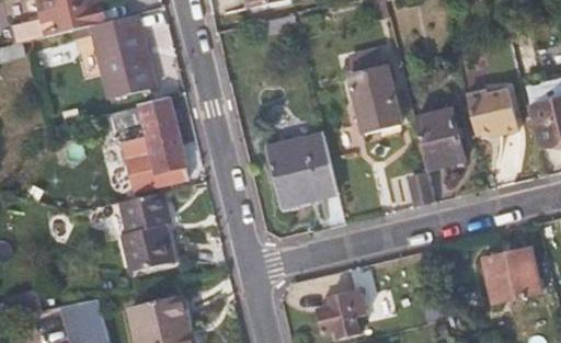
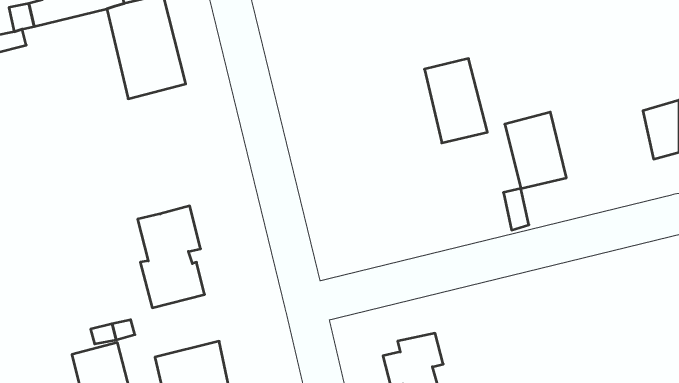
building: [467,89,518,138] -> none
building: [121,100,190,192] -> none
building: [266,134,337,206] -> none
building: [483,250,540,302] -> none

